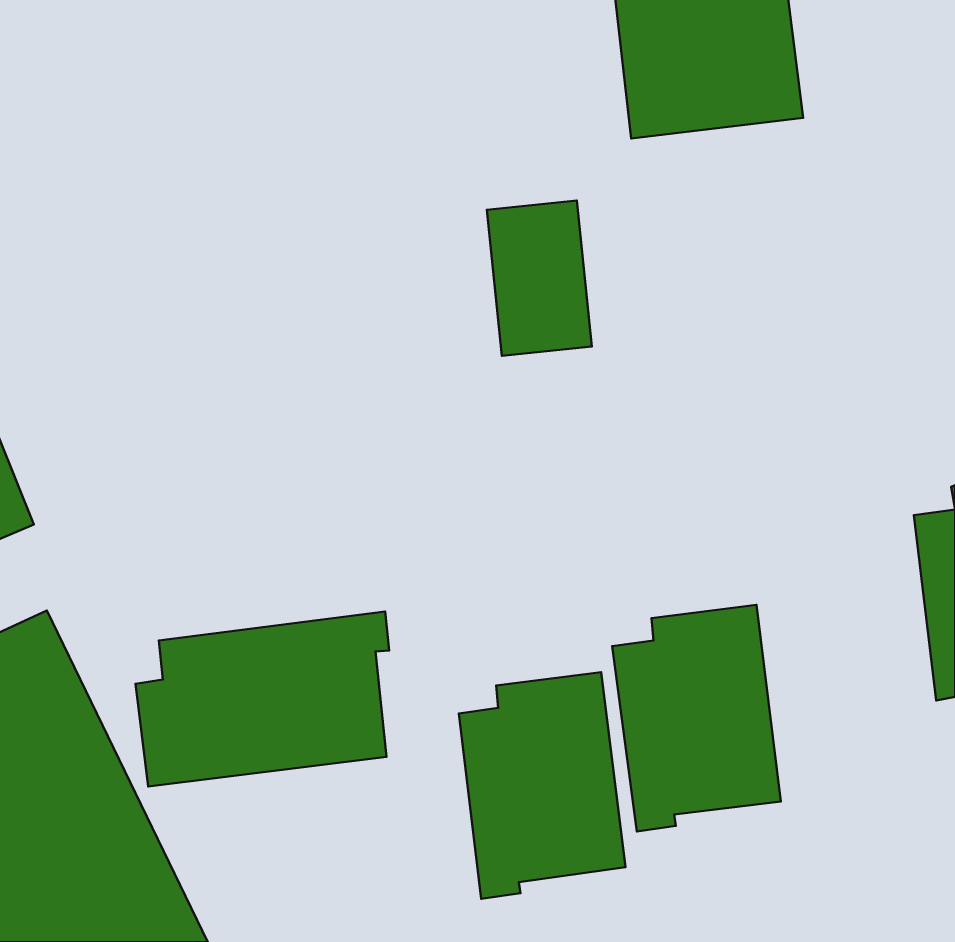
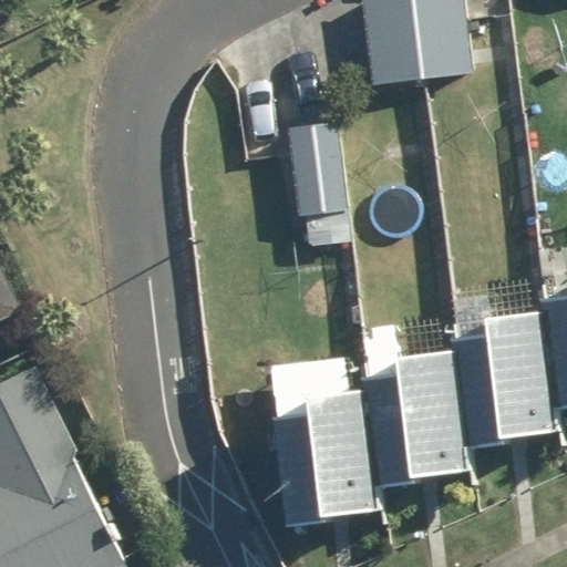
building: none -> [453,319,551,453]
building: [135,612,389,787] -> none

